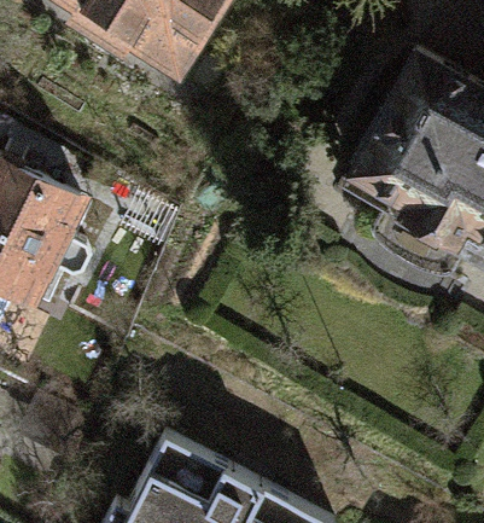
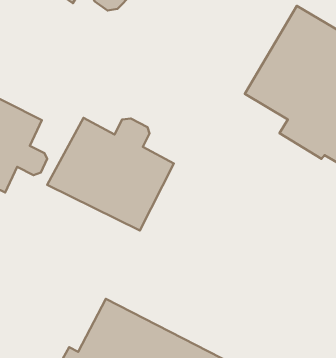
building: none -> [47,118,174,231]

